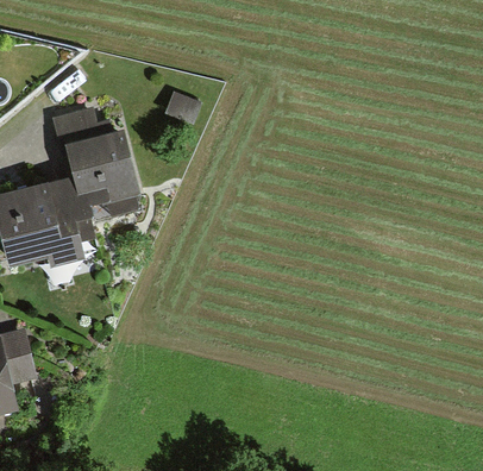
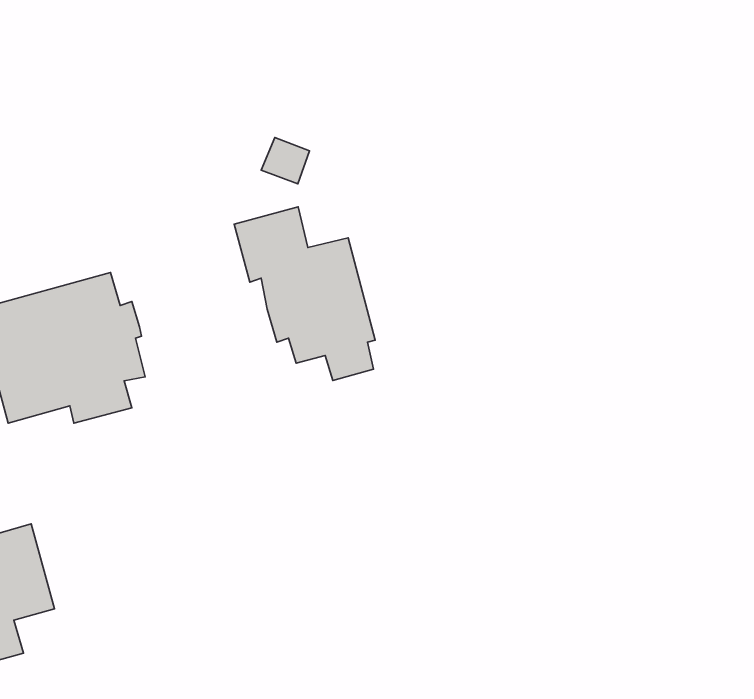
building: [52,109,139,216] -> [234,207,375,381]

